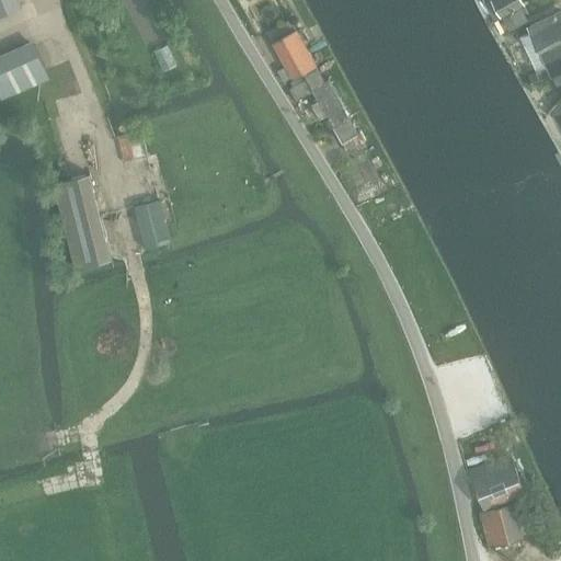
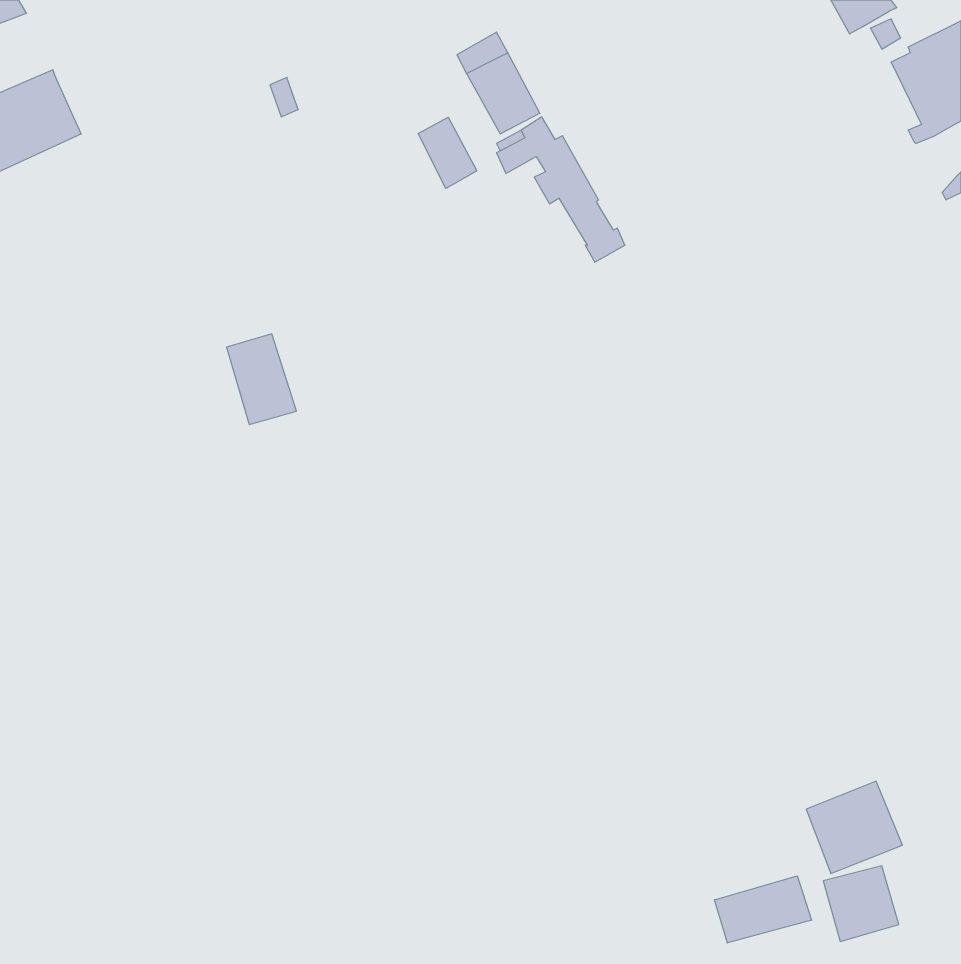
building: none -> [418,117,477,188]
building: [54,180,111,270] -> none
building: none -> [715,876,812,943]

